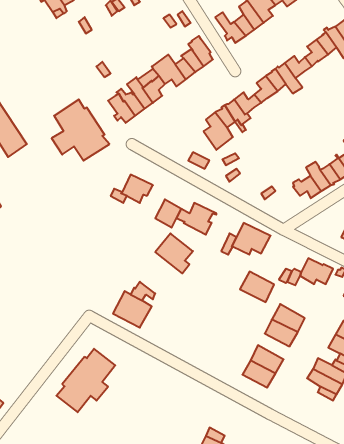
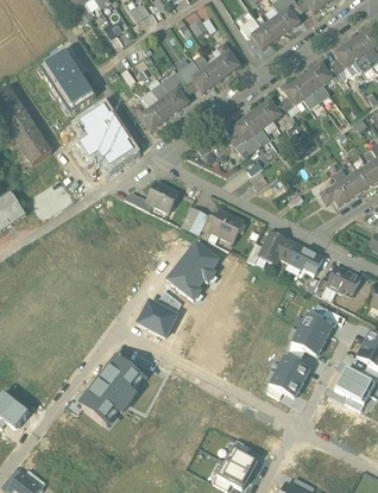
building: none -> [38,49,95,113]
building: none -> [166,260,203,299]
building: [240,272,274,302] -> [288,244,322,274]

